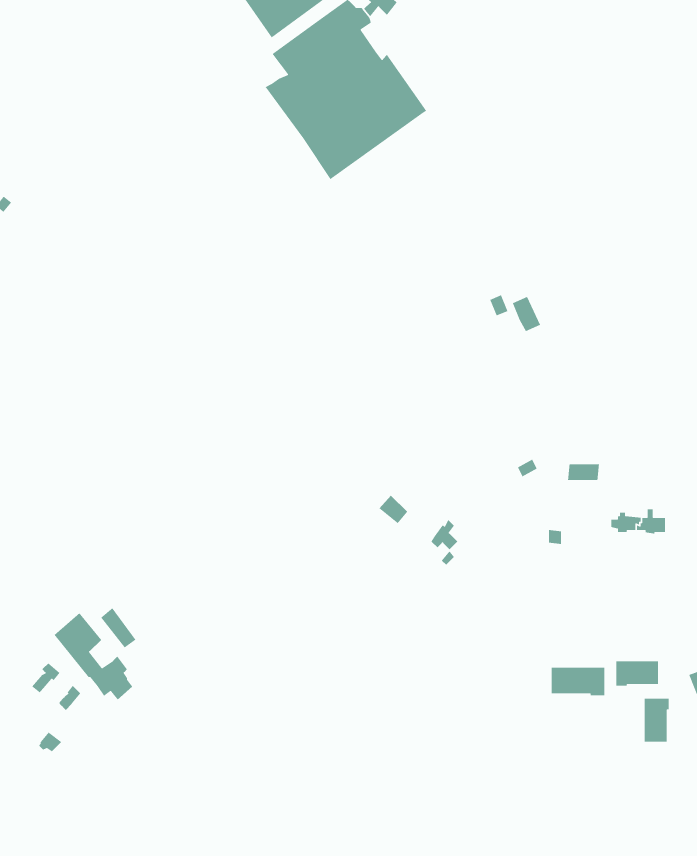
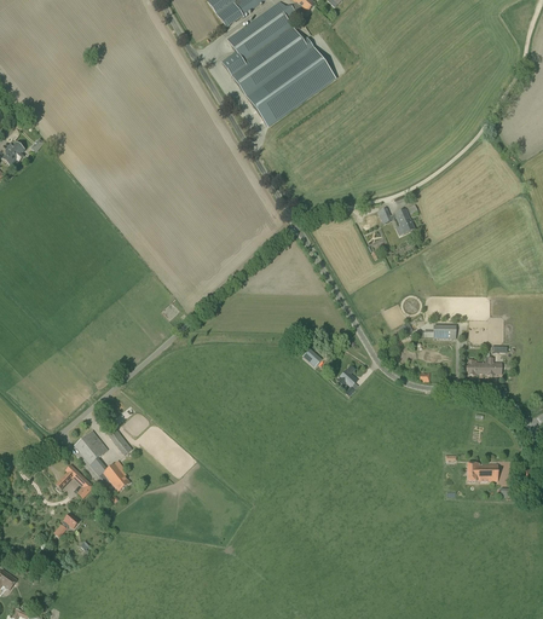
building: [551,667,605,696] -> none
building: [644,698,669,743] -> none

